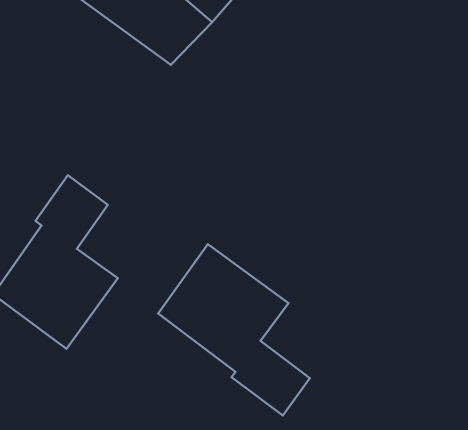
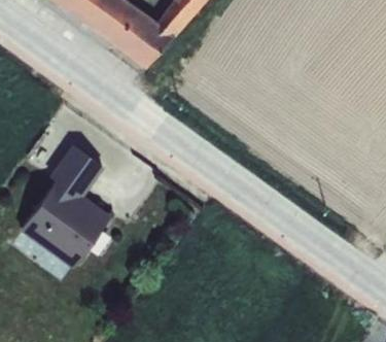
building: [158,244,310,416] -> none

